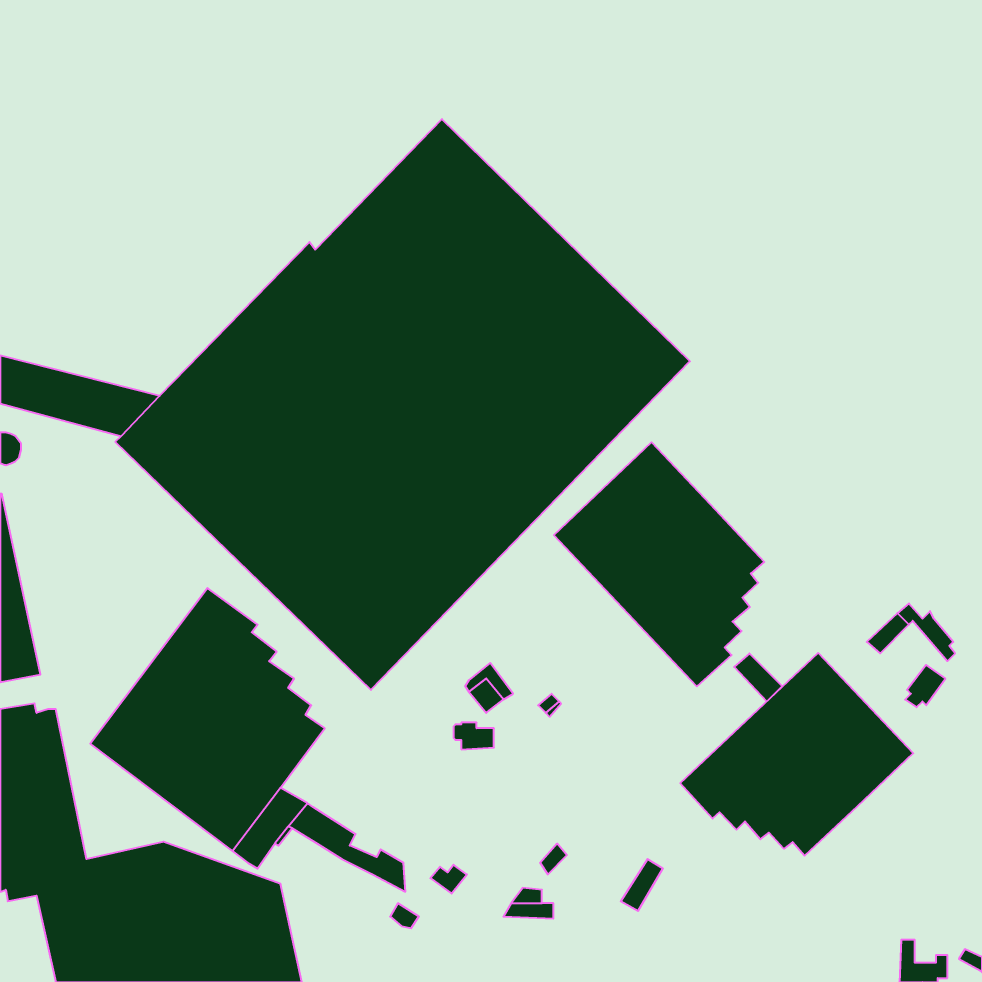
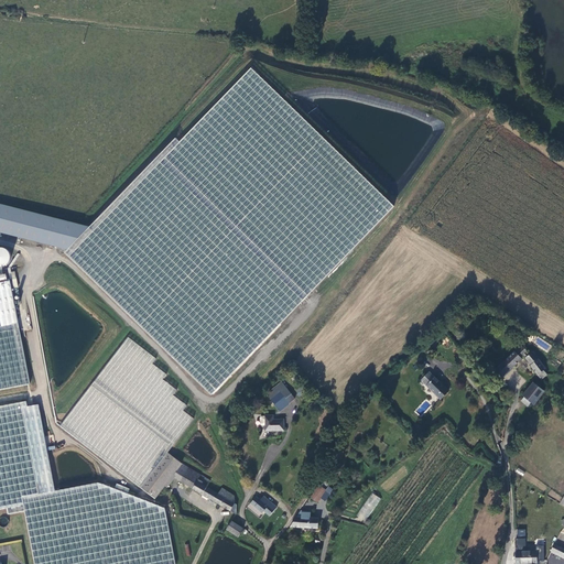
building: [554,442,764,686] -> none
building: [680,653,913,856] -> none

